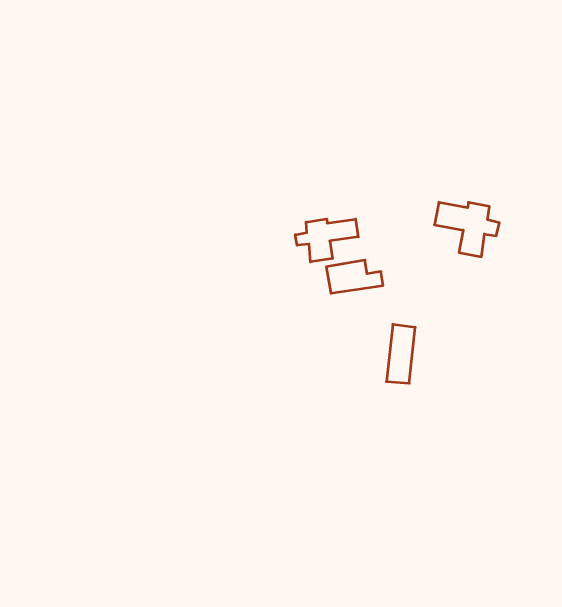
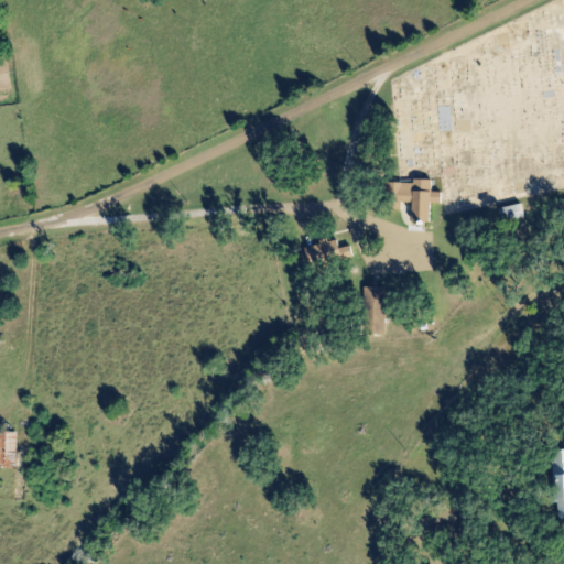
building: [295,219,358,262] -> none

